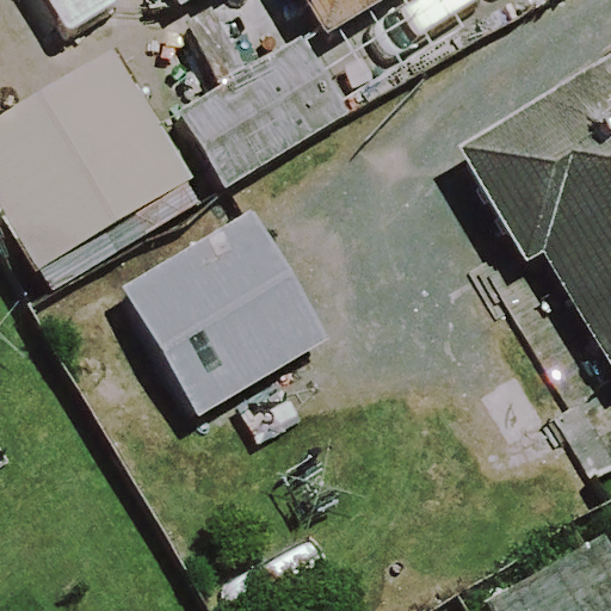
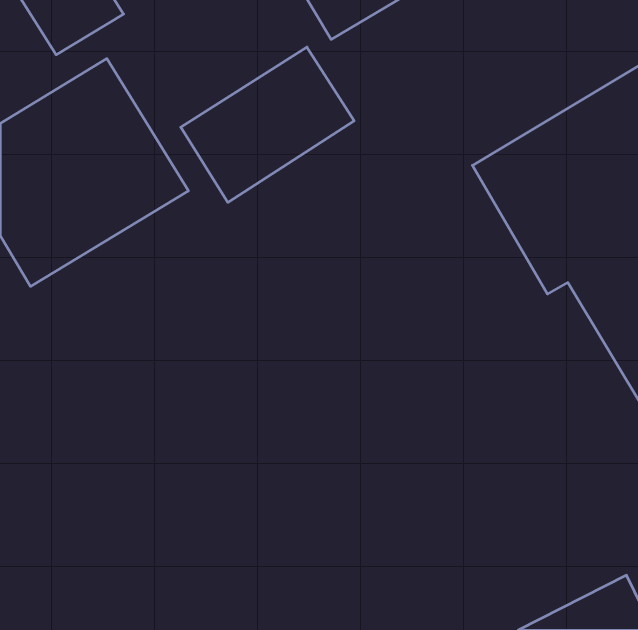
building: [121,208,333,414] -> none

